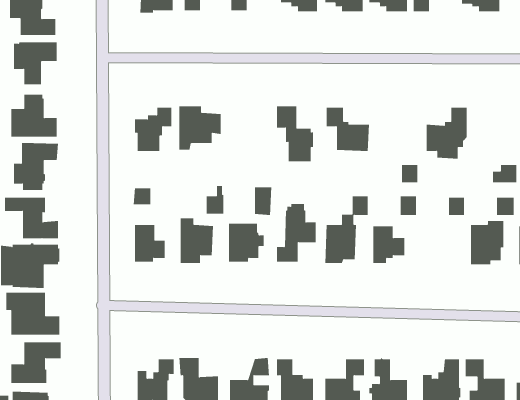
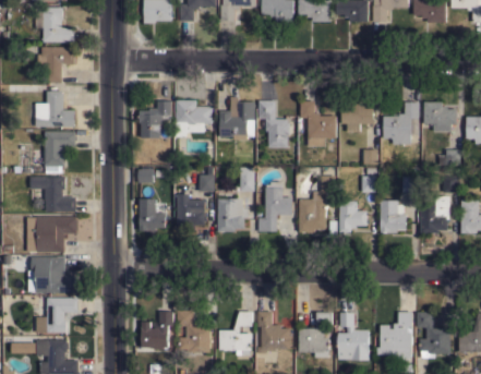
building: none -> [219,97,255,140]
building: none -> [341,101,374,132]
building: none -> [424,101,457,131]
building: none -> [381,201,407,232]

